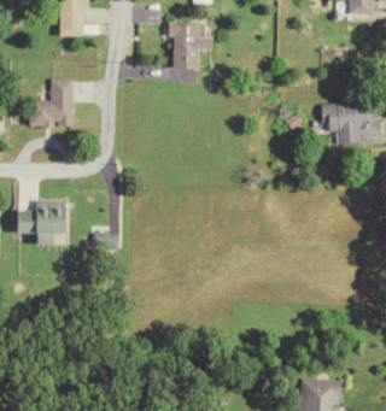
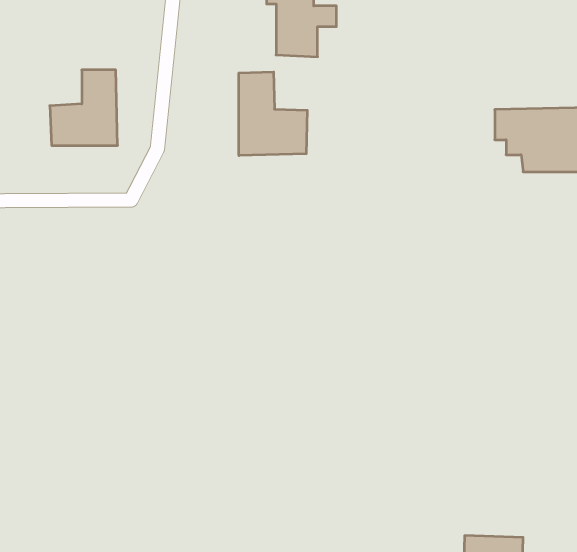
building: none -> [239,72,307,156]
building: [22,201,74,246] -> none

